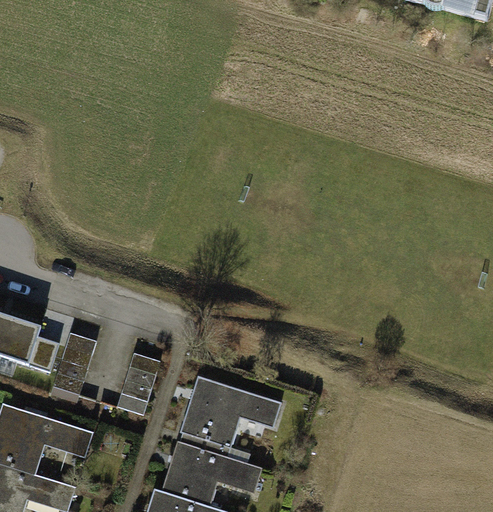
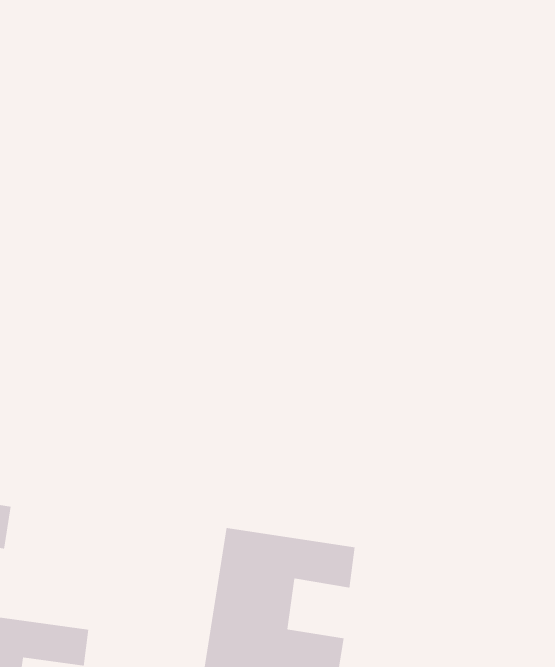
building: [53,336,95,396] -> none
building: [116,356,154,412] -> none

